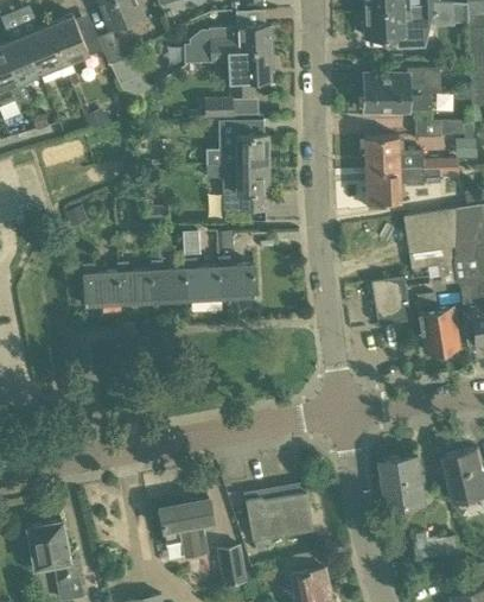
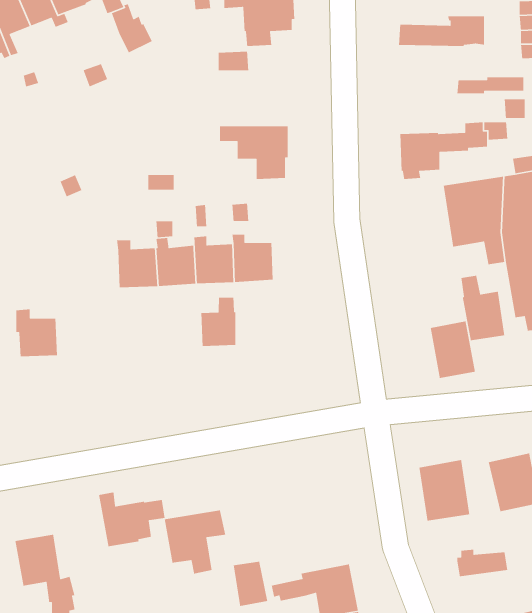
building: [363,94,431,113] -> none
building: [205,121,267,164] -> none
building: [363,137,421,171] -> none
building: [82,265,119,308] -> [16,308,58,357]
building: [370,277,410,328] -> [430,321,476,379]
building: none -> [200,297,236,347]
building: none -> [98,491,165,547]
building: [246,493,312,551] -> none

